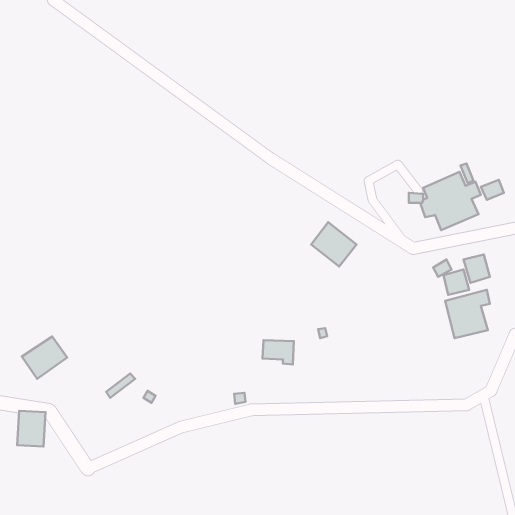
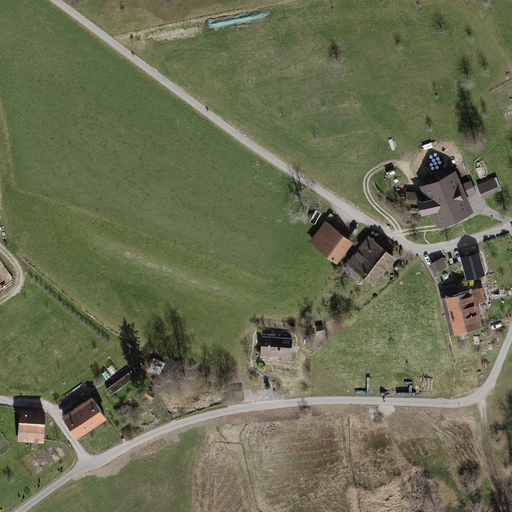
building: none -> [345,236,396,286]
building: [444,270,469,295] -> none
building: [22,336,67,379] -> [60,395,105,437]

